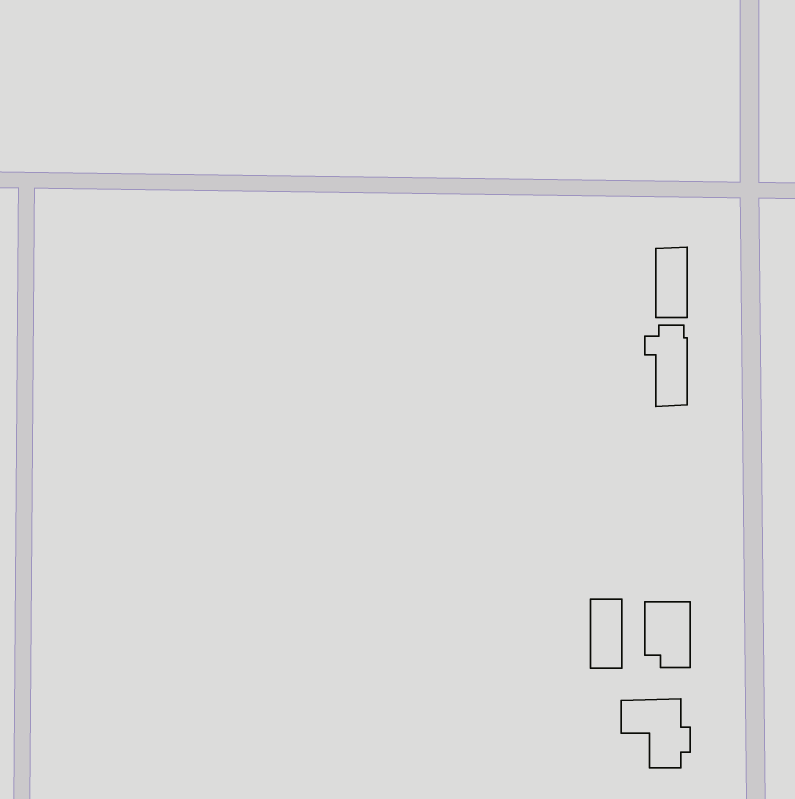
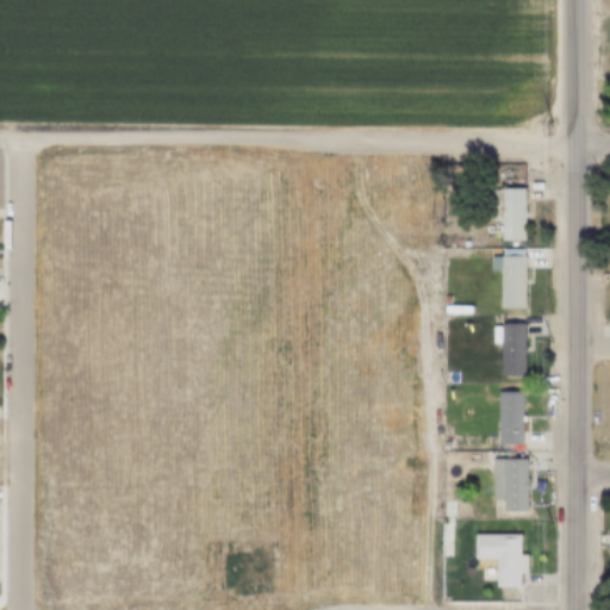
building: none -> [494,324,528,376]
building: [591,599,622,668] -> [500,392,524,444]

